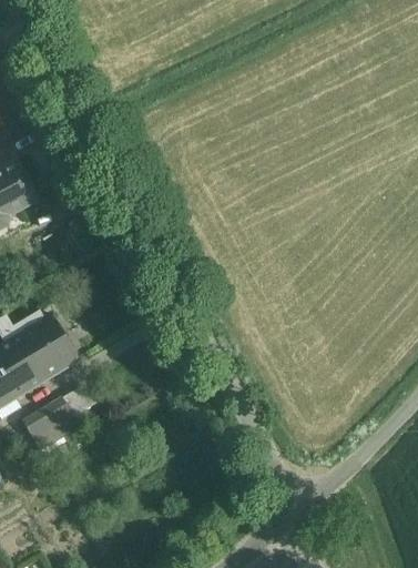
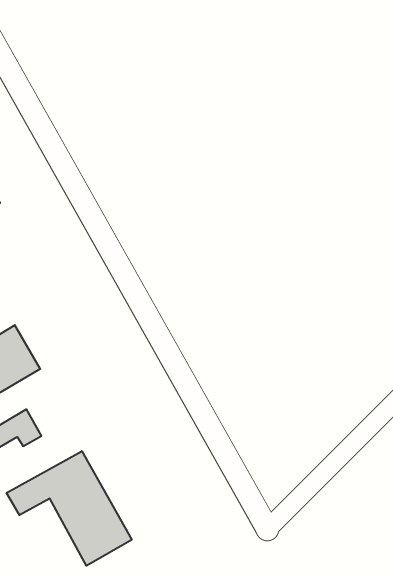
building: none -> [7,451,132,566]

